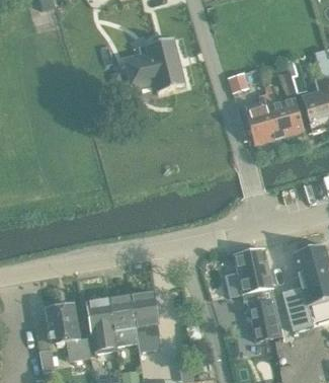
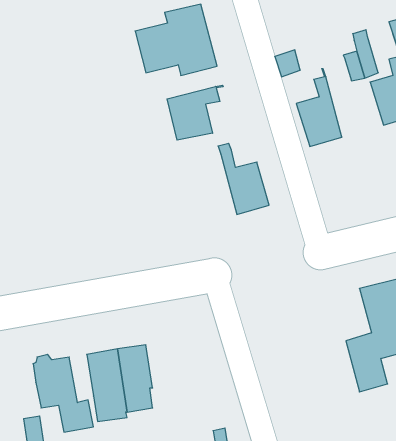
building: [265,84,304,138] -> [218,143,269,214]
building: none -> [167,85,223,140]
building: [225,248,282,340] -> none
building: [132,292,160,348] -> none

